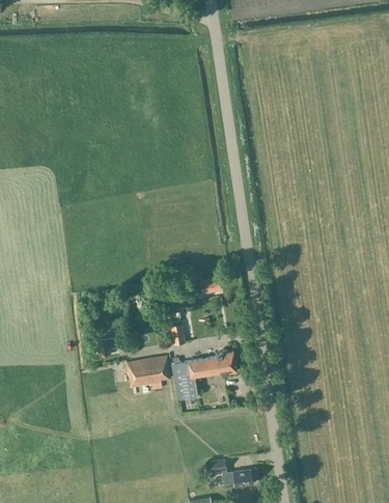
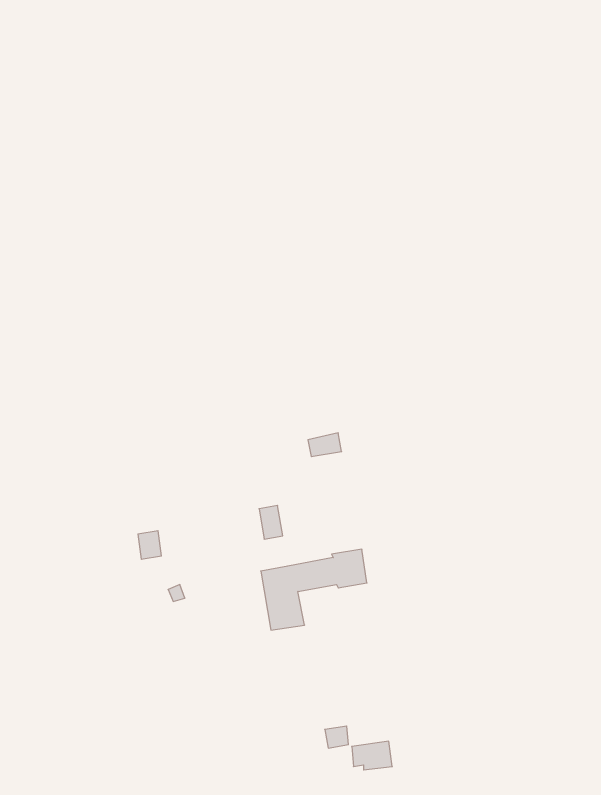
building: [127,356,170,394] -> none

